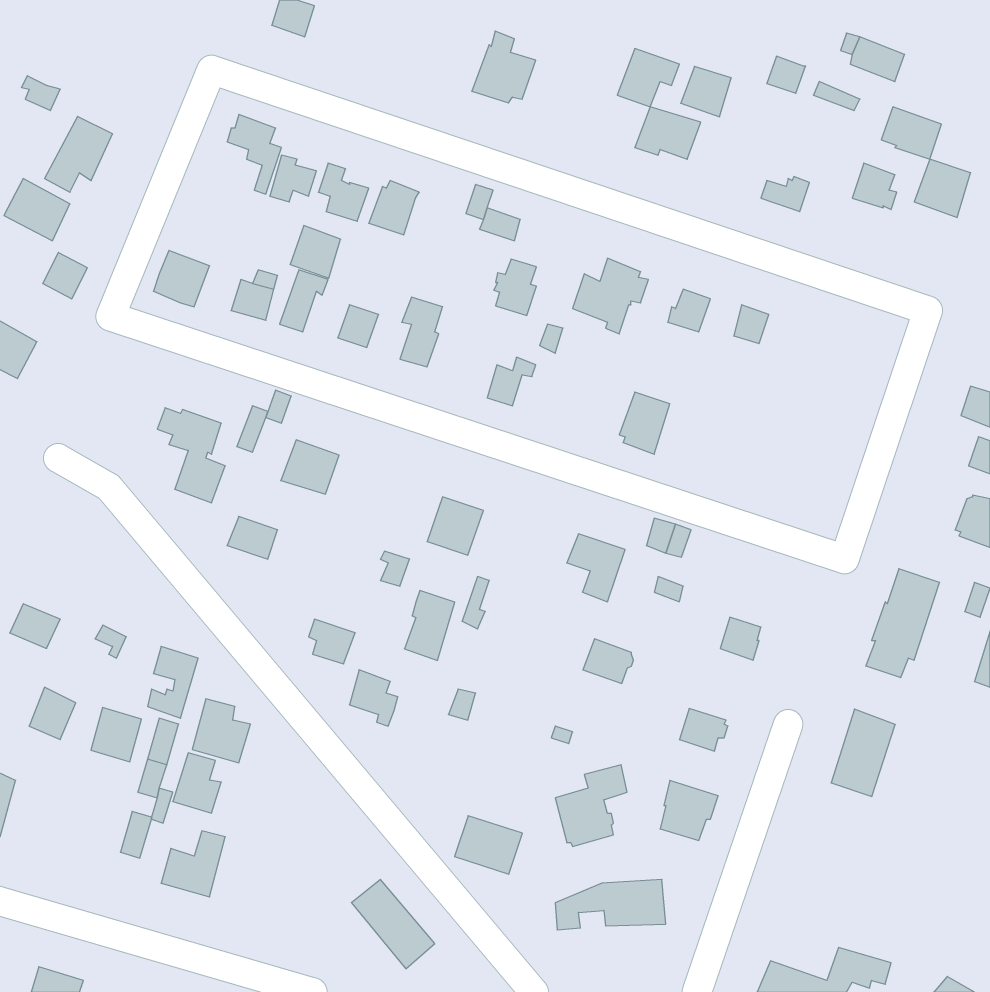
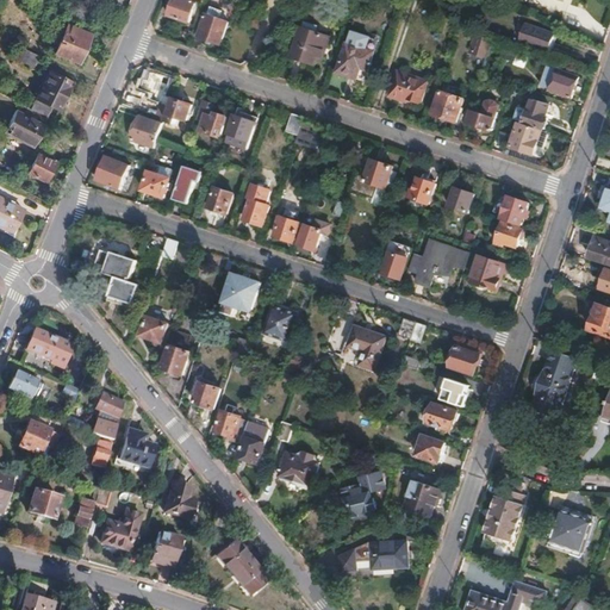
building: none -> [199,6,228,37]
building: none -> [54,23,91,62]
building: [617,49,679,107] -> [335,43,373,79]
building: [681,66,731,117] -> [432,91,463,122]
building: [914,159,971,217] -> [508,122,542,157]
building: [290,226,341,278] -> [130,116,161,148]
building: [494,259,536,315] -> [272,205,298,239]
building: none -> [492,193,529,224]
building: none -> [492,222,524,247]
building: none -> [410,239,468,285]
building: none -> [472,255,505,288]
building: [281,440,339,494] -> [223,275,259,309]
building: none -> [26,329,70,366]
building: none -> [161,344,188,374]
building: none -> [449,347,479,374]
building: [404,590,455,660] -> [237,421,268,463]
building: [583,639,633,683] -> [427,403,458,430]
building: [91,707,141,762] -> [26,485,57,518]
building: [831,709,895,796] -> [485,487,524,541]
building: [173,753,221,813] -> [162,481,192,518]
building: [455,816,522,874] -> [276,452,318,487]
building: none -> [547,509,591,552]
building: none -> [149,531,179,567]

